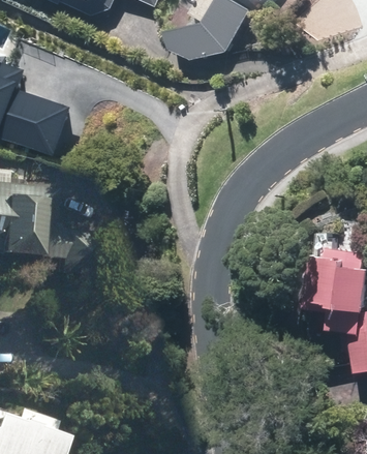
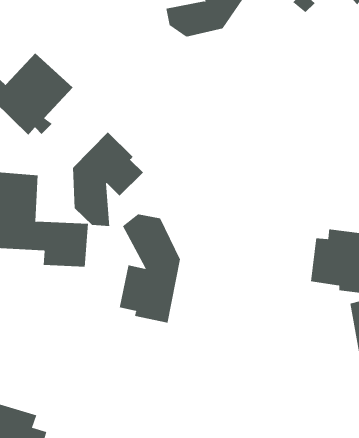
building: none -> [73,131,144,227]
building: none -> [119,213,181,324]

